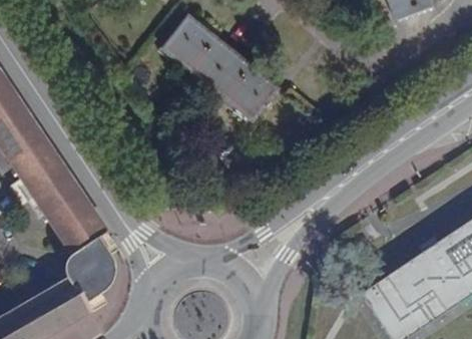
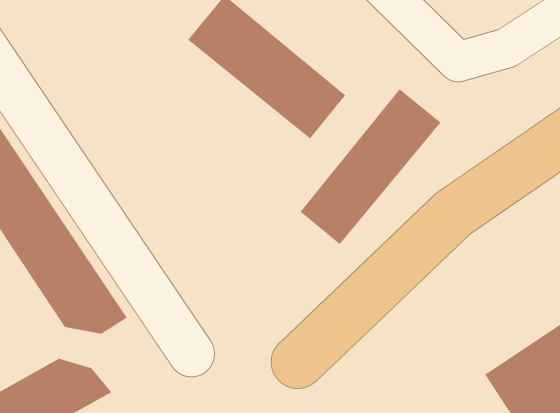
building: none -> [299,88,441,245]
building: [67,248,119,302] -> none

